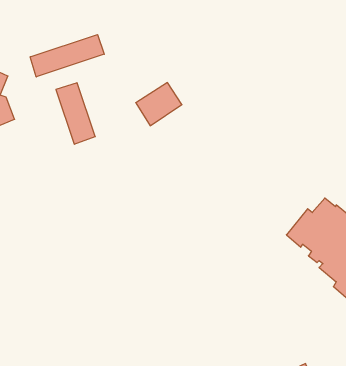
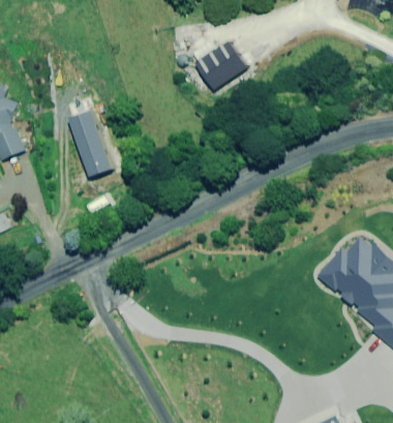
building: [30,35,104,77] -> none
building: [136,83,182,126] -> [195,42,245,89]

